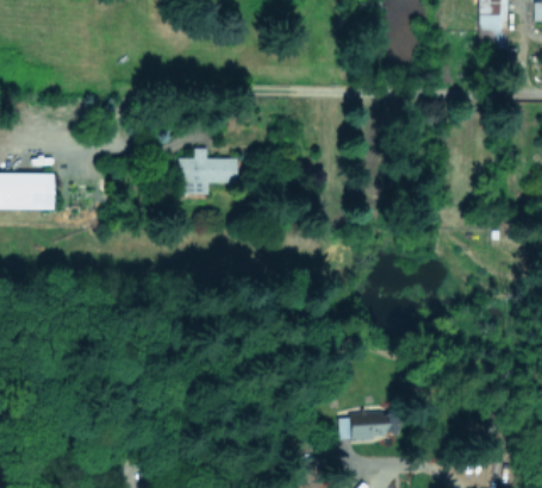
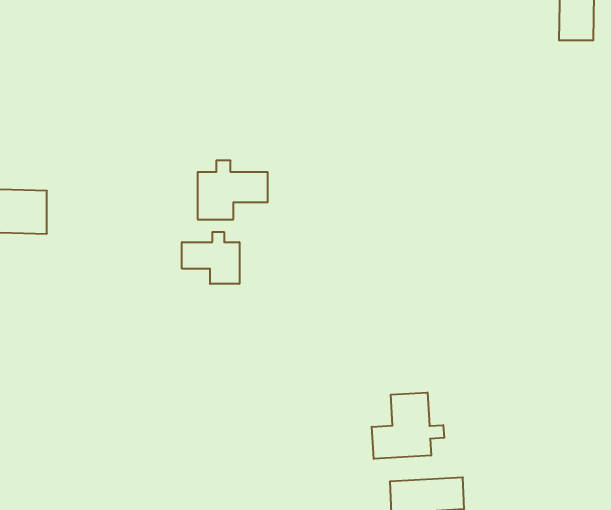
building: none -> [182,232,239,284]
building: none -> [372,392,444,459]

